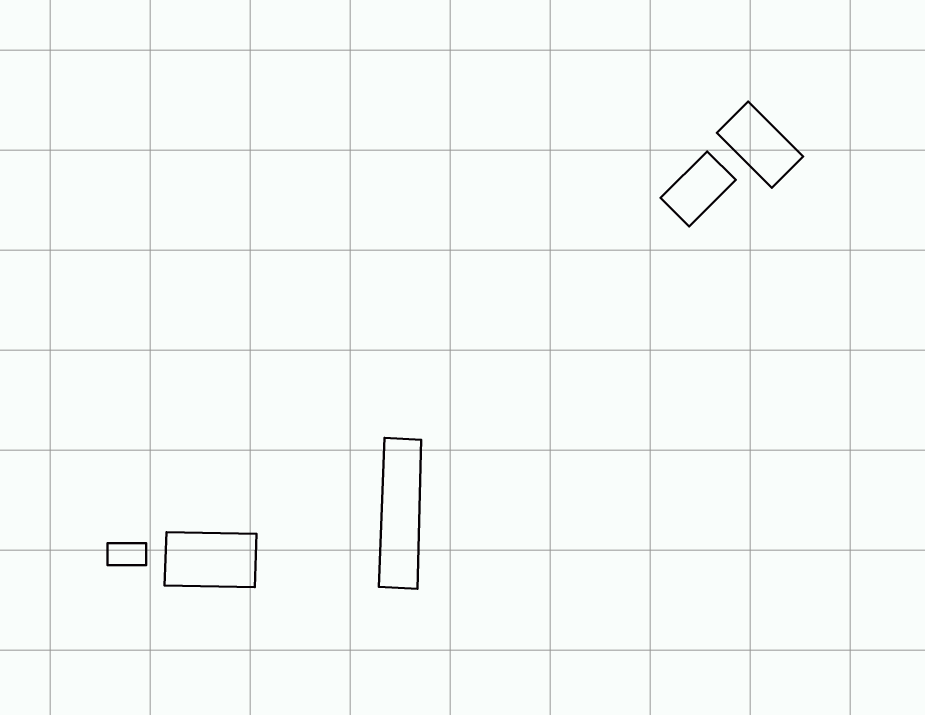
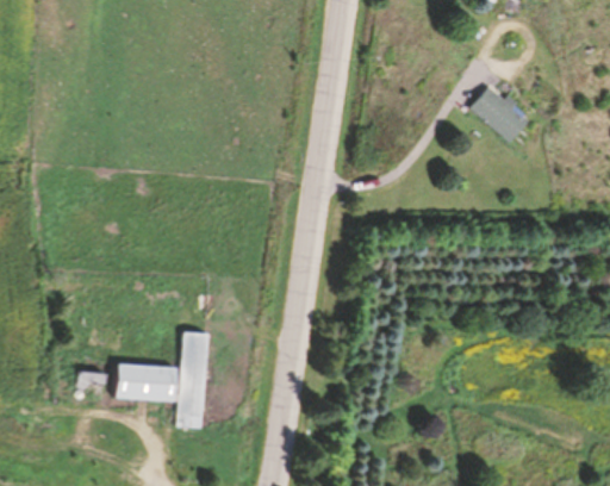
building: [661,151,736,226] -> none
building: [379,438,421,589] -> [179,331,206,429]

